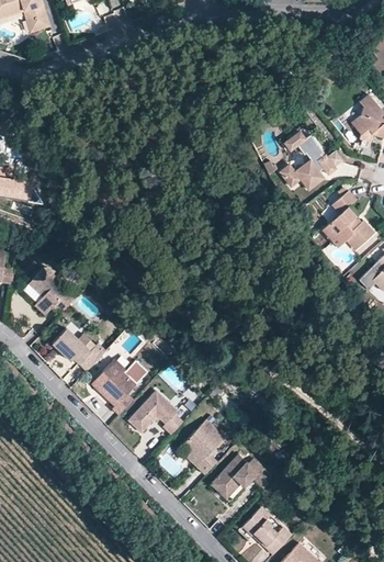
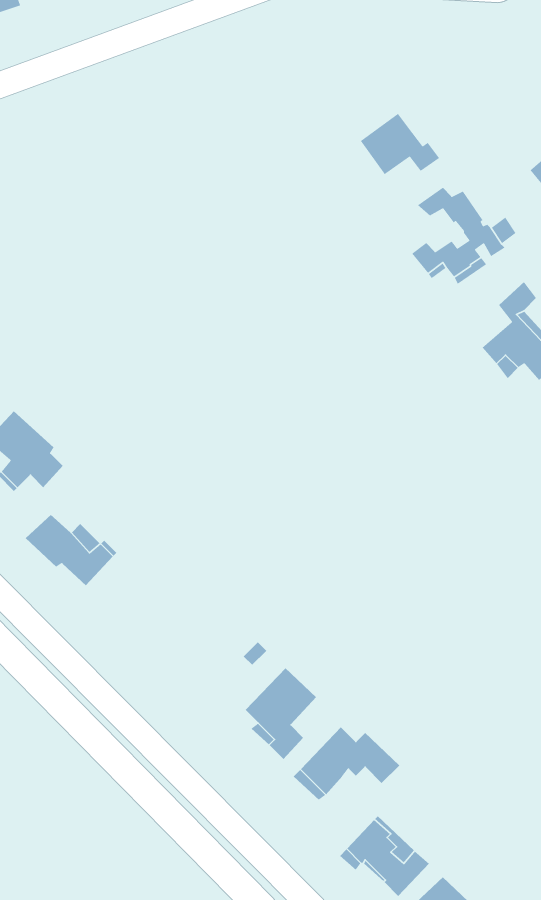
building: none -> [360,113,440,175]
building: [91,359,148,415] -> none
building: [128,391,183,435] -> none

